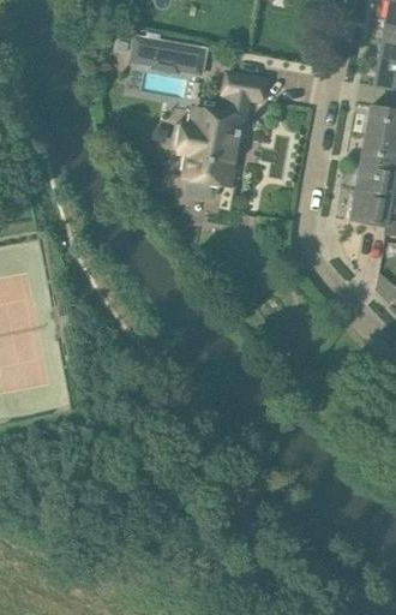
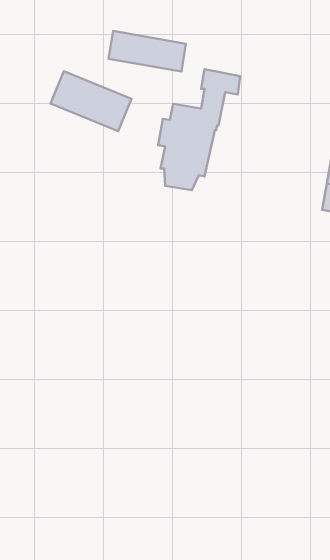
building: none -> [50,71,132,131]

